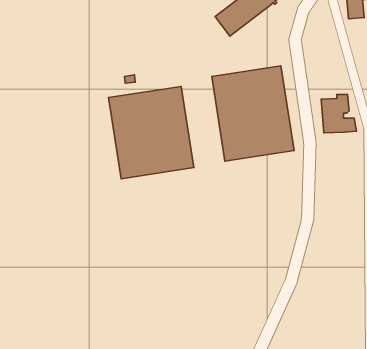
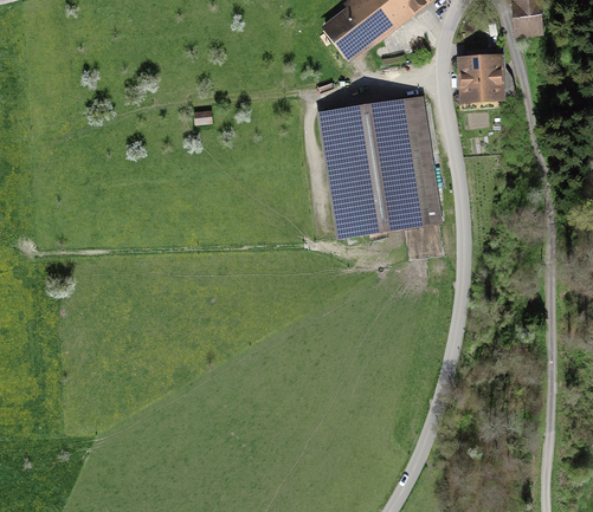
building: [108,86,194,179] -> none
building: [321,94,357,133] -> [463,44,514,99]

